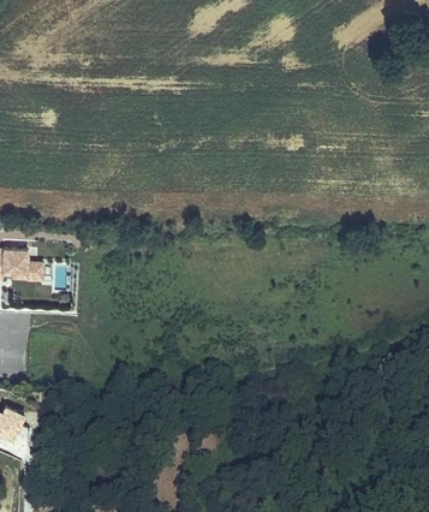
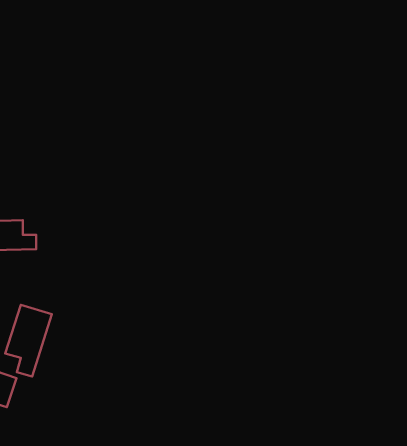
building: none -> [5,305,52,377]

